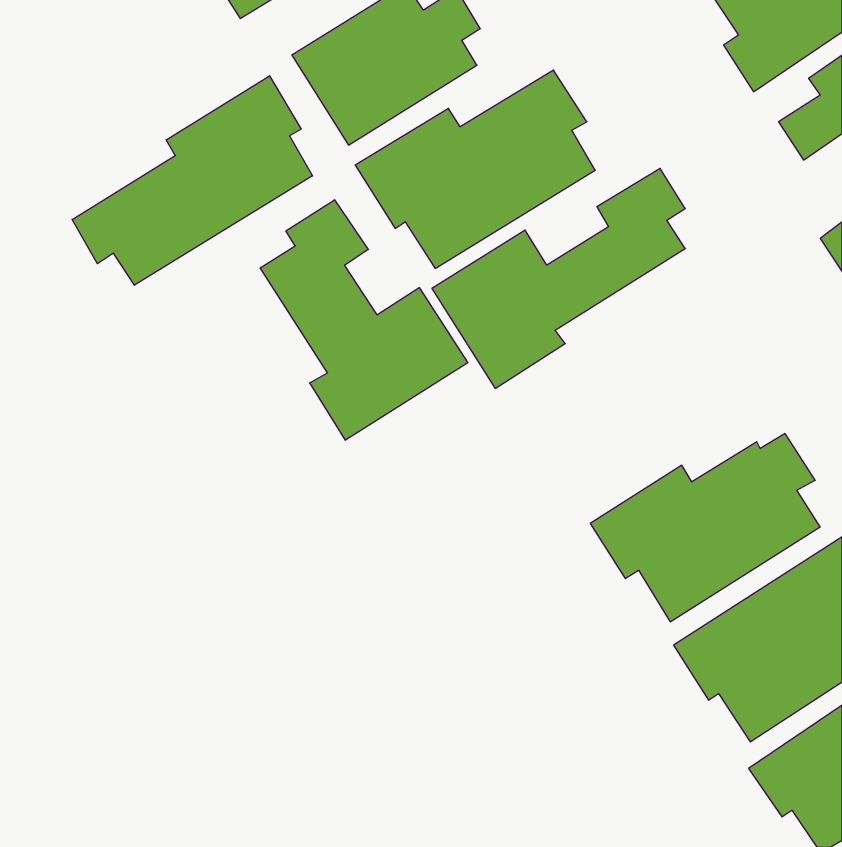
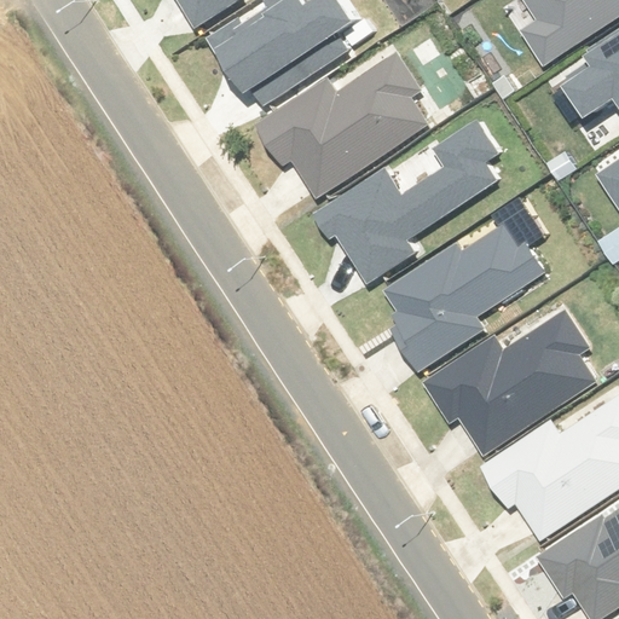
building: [72,76,313,285] -> none
building: [260,200,468,440] -> none
building: none -> [384,224,546,370]

